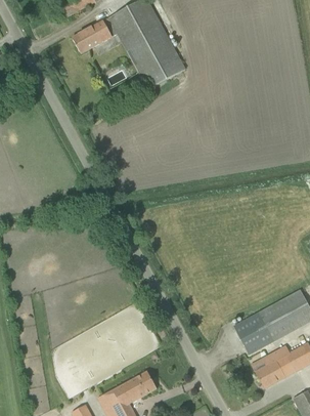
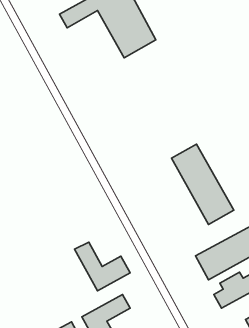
building: none -> [171,144,234,225]
building: none -> [74,242,130,291]

